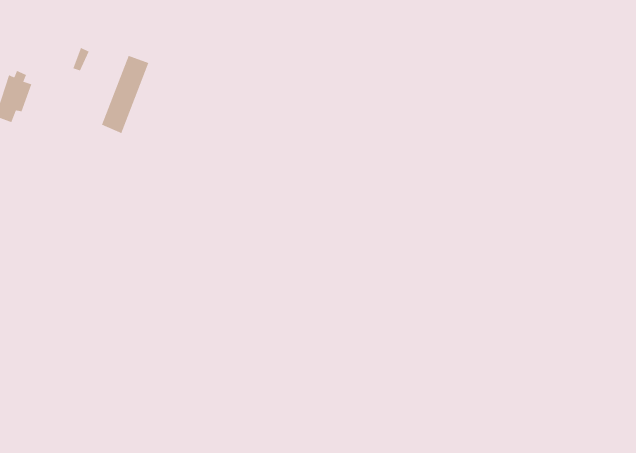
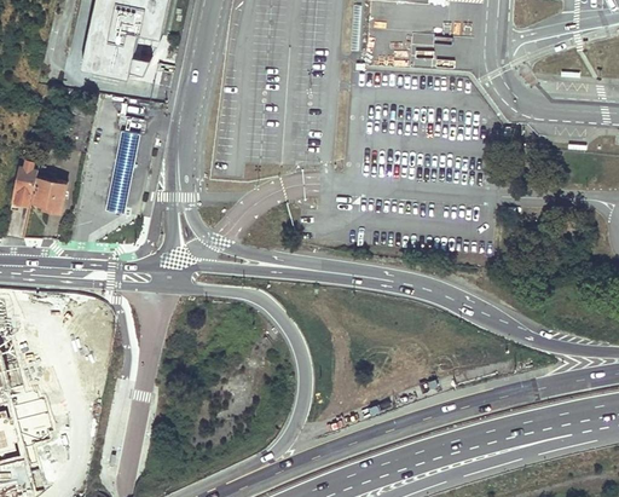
building: none -> [33,162,68,212]

